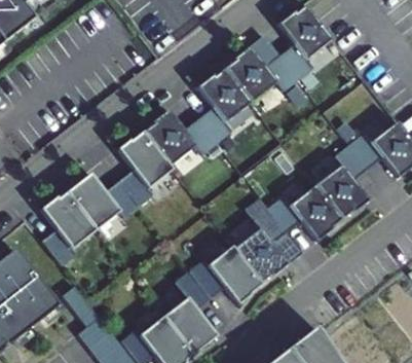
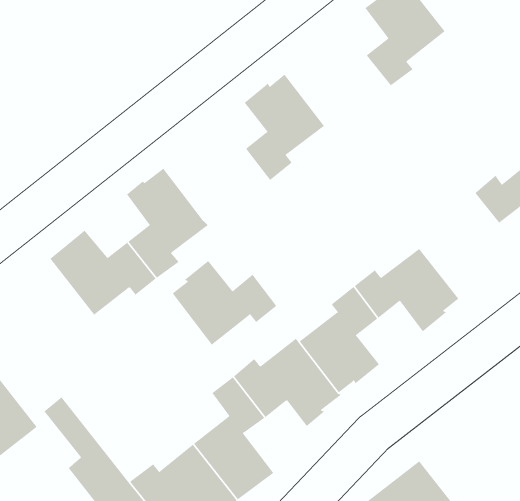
building: [224,46,295,103] -> none
building: [143,109,214,167] -> [172,260,277,346]
building: [314,148,369,219] -> none
building: [40,192,96,265] -> none

